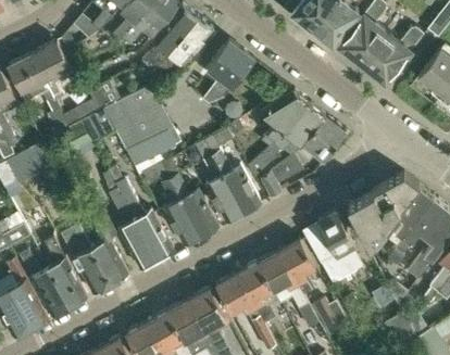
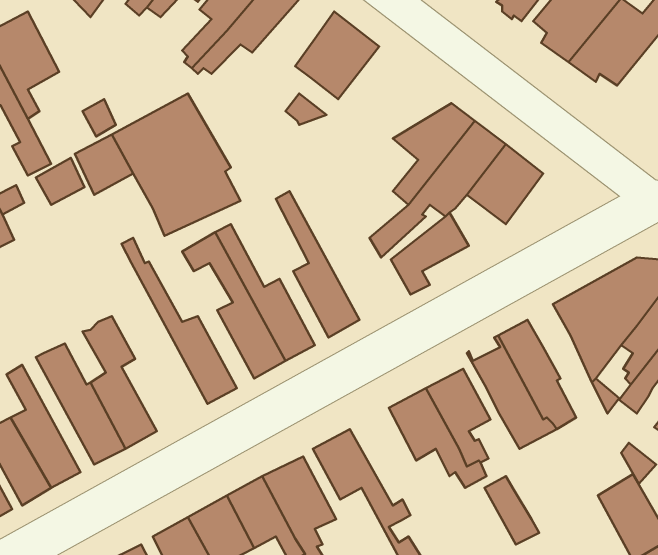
building: [203,128,260,213] -> none
building: [105,181,158,268] -> none
building: [237,262,276,321] -> none

